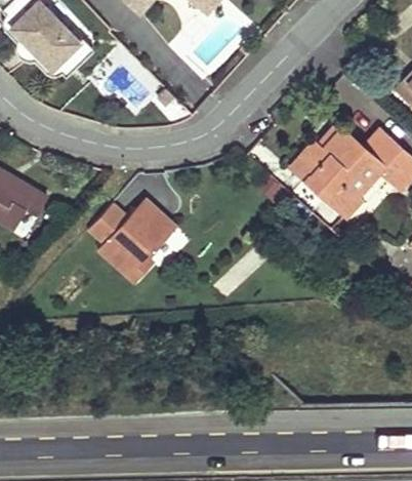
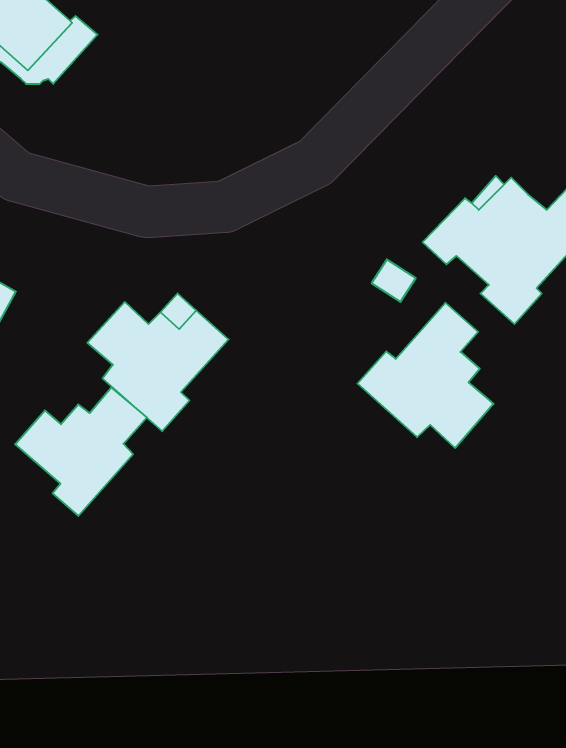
building: none -> [357,303,494,448]
building: none -> [15,387,147,516]

